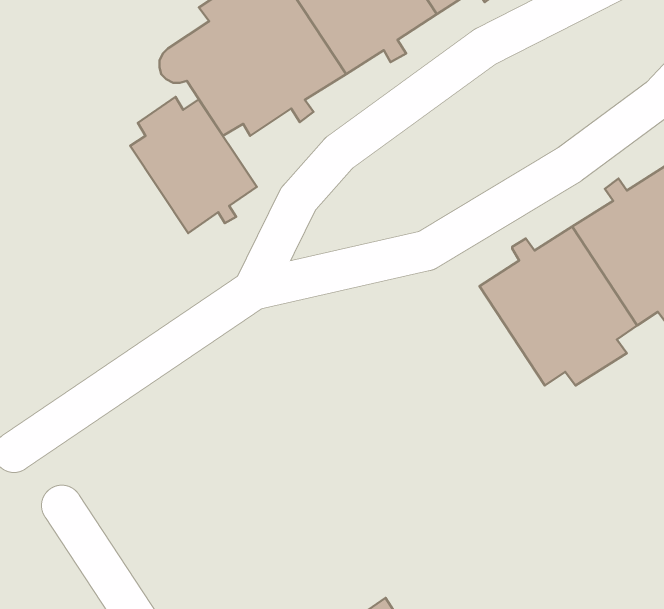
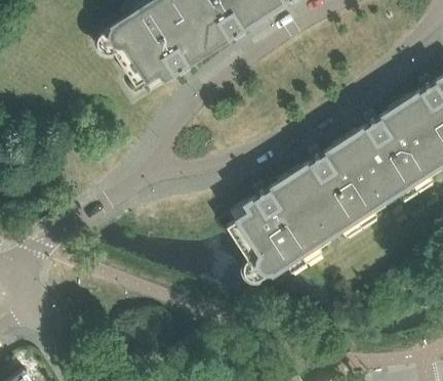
building: [130,97,257,233] -> none
building: none -> [226,176,327,281]

